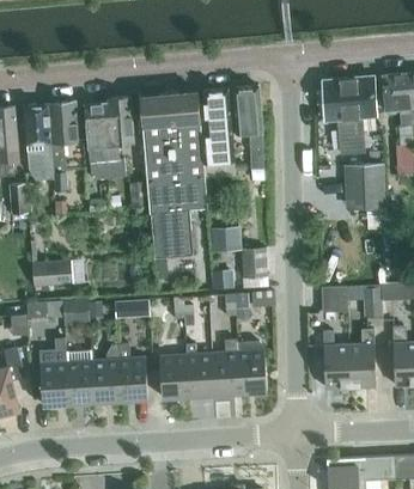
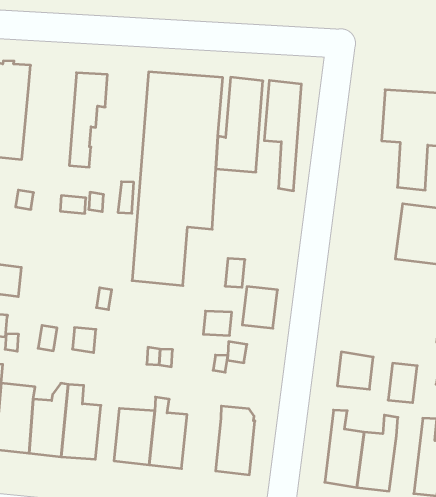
building: [102,98,132,177] -> none
building: [47,102,78,191] -> none
building: [211,340,239,396] -> none

